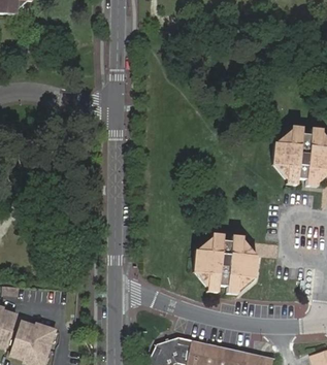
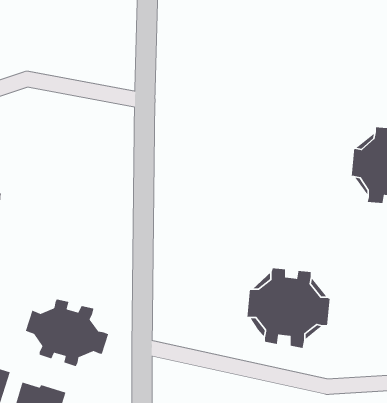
building: none -> [25,298,109,367]

